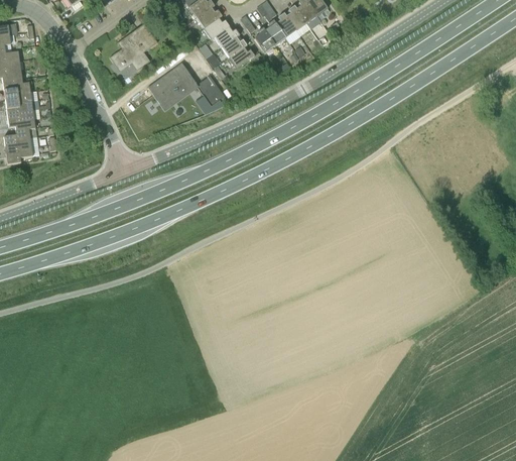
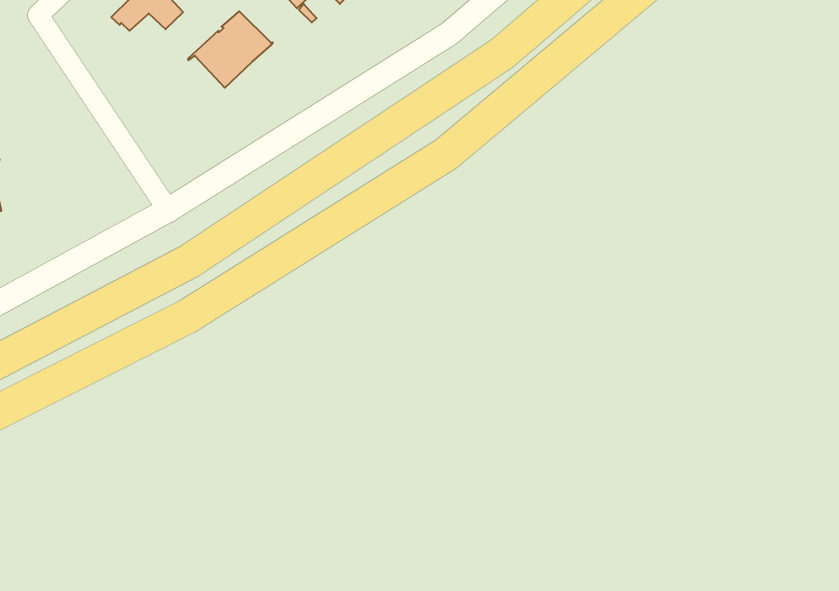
building: [196,75,224,106] -> none

